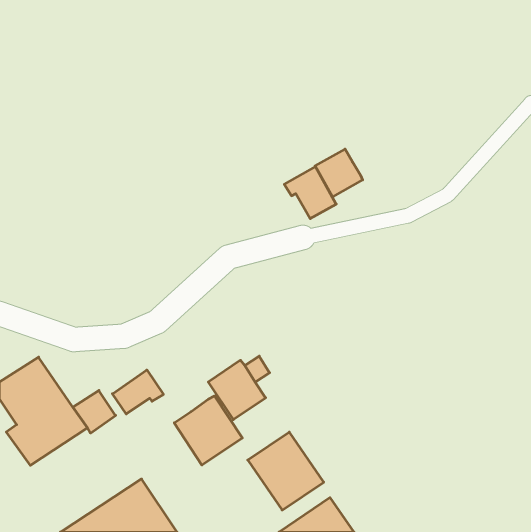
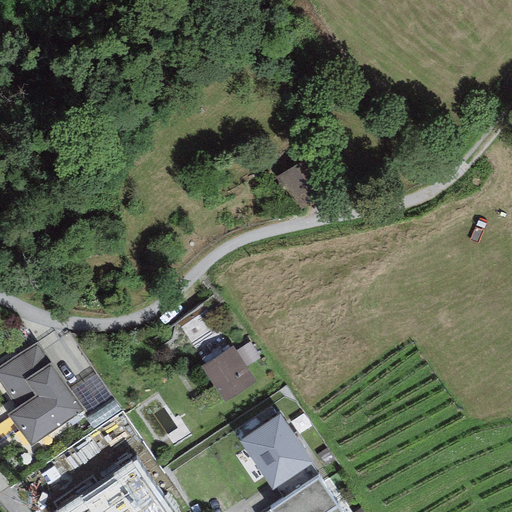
building: [315,149,363,197] -> none
building: [112,370,163,414] -> none
building: [174,396,242,465] -> none

